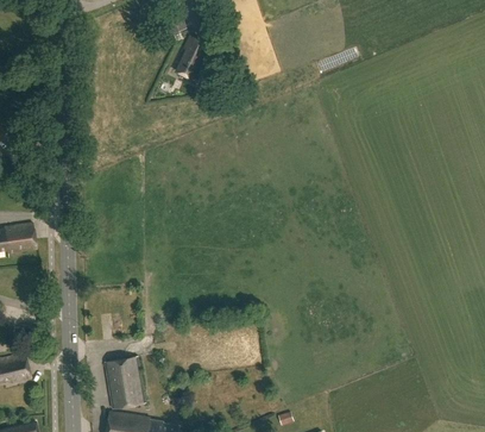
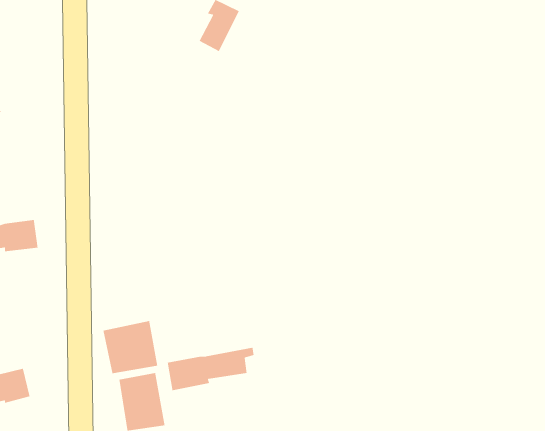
building: none -> [103,320,158,374]
building: none -> [167,347,255,391]

